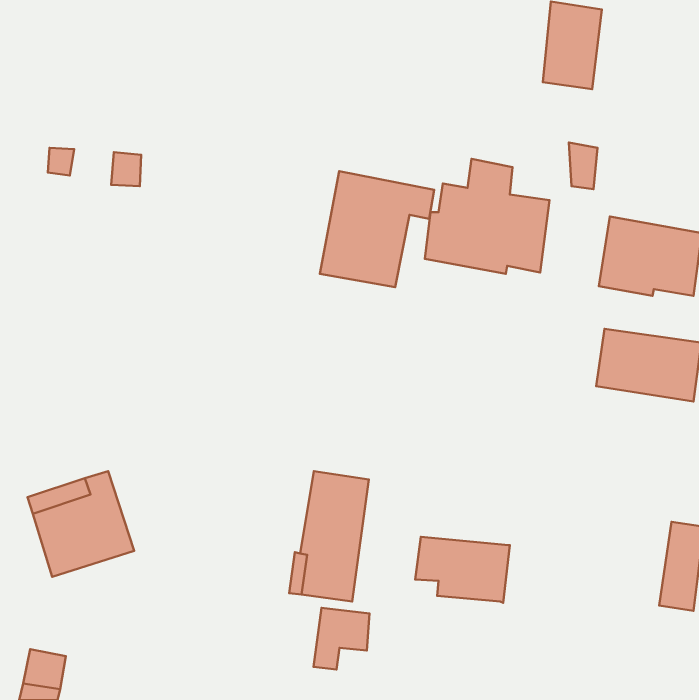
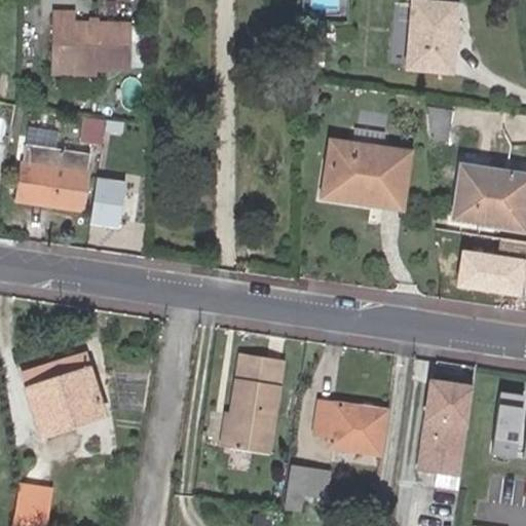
building: none -> [54,17,128,70]
building: [320,171,434,287] -> none
building: none -> [18,144,89,210]
building: none -> [91,178,128,230]
building: none -> [419,379,477,478]
building: [313,608,370,670] -> [284,465,326,512]

